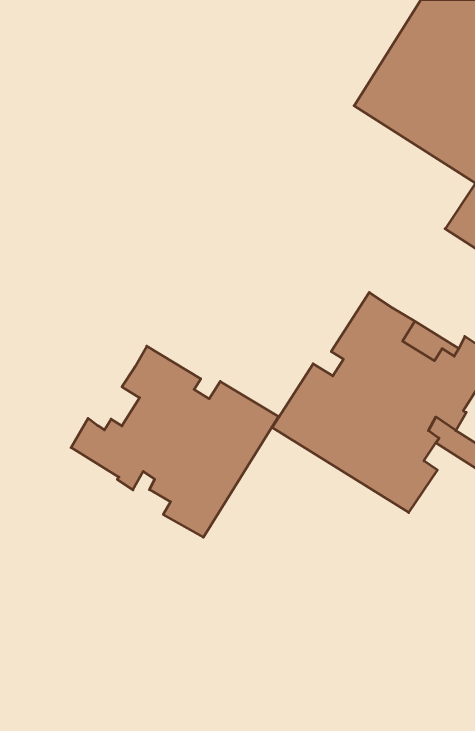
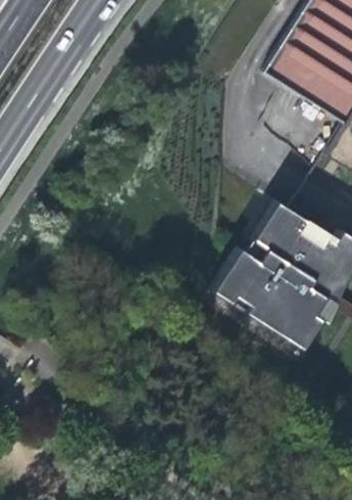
building: [71,346,278,537] -> none

